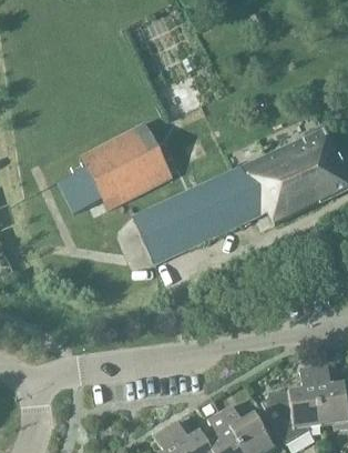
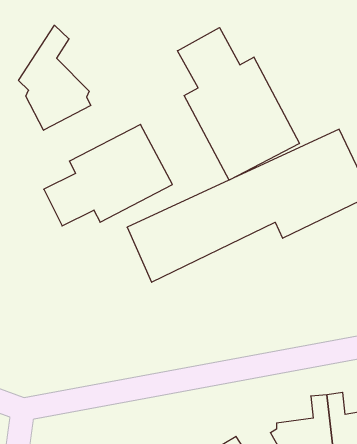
building: none -> [19,25,91,130]
building: none -> [177,28,299,180]

